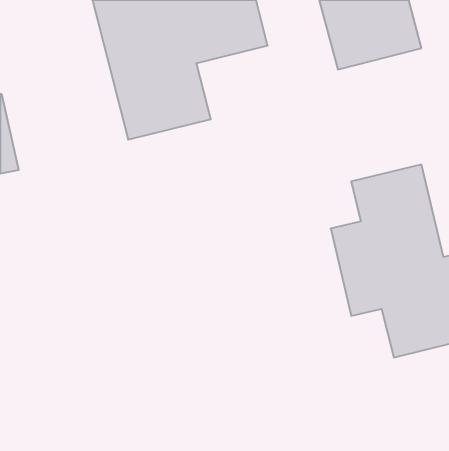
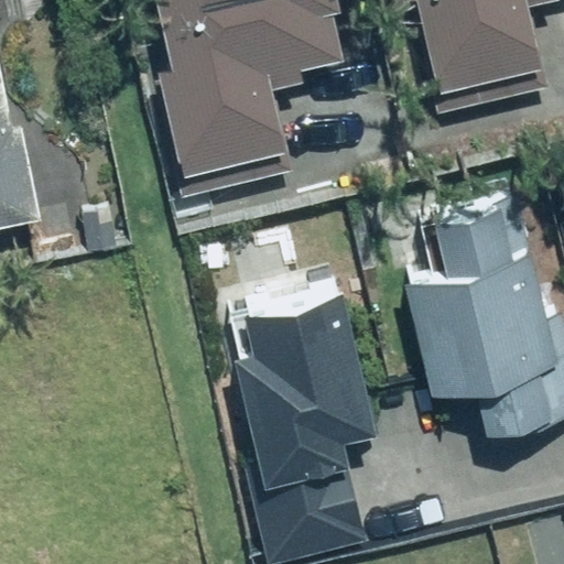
building: none -> [239,282,372,546]

